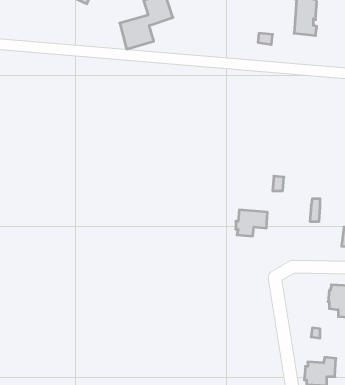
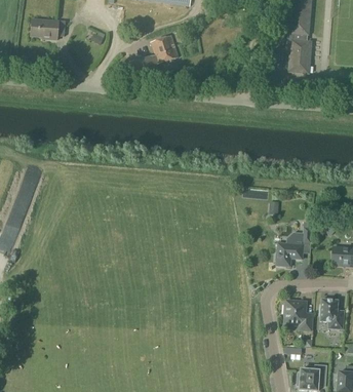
building: [236,210,267,236] -> [275,242,304,266]
building: none -> [284,300,312,329]

